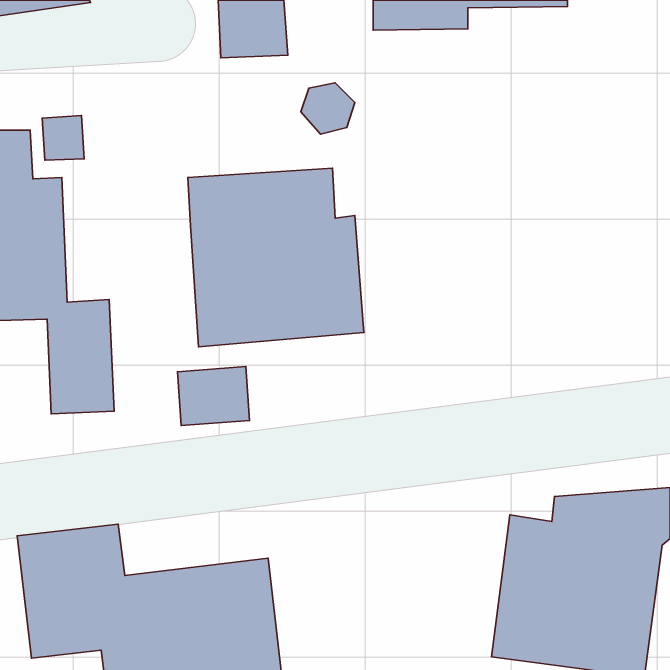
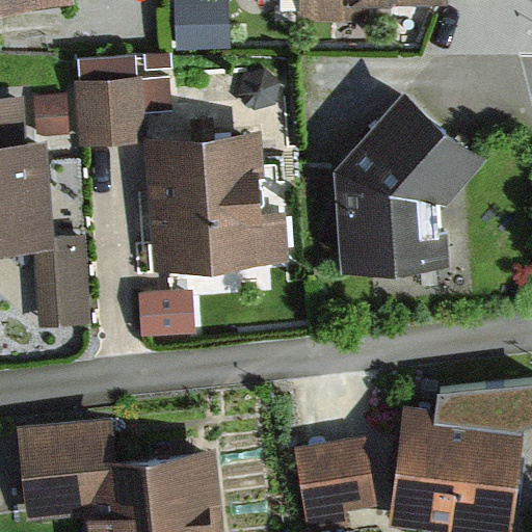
building: none -> [74,59,174,147]
building: none -> [336,97,481,274]
building: none -> [293,436,380,516]

